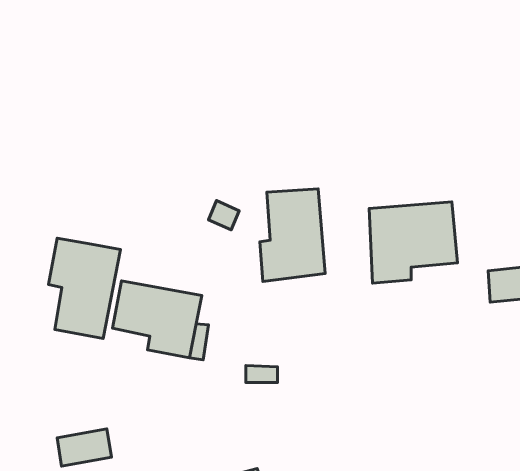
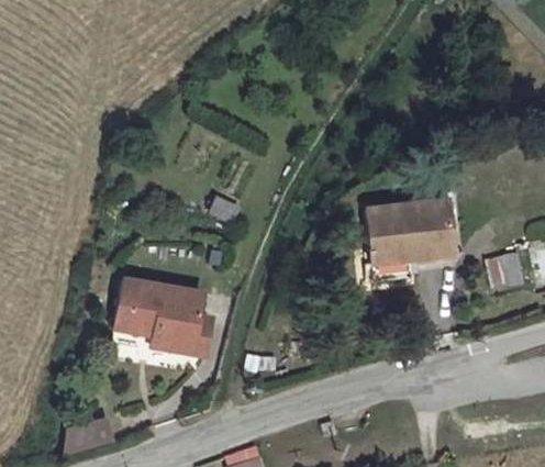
building: [260,189,325,281] -> none
building: [48,238,120,338] -> none

